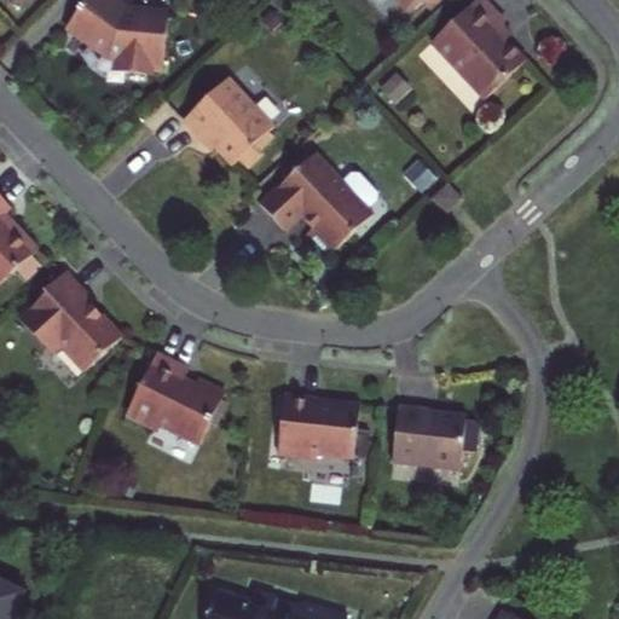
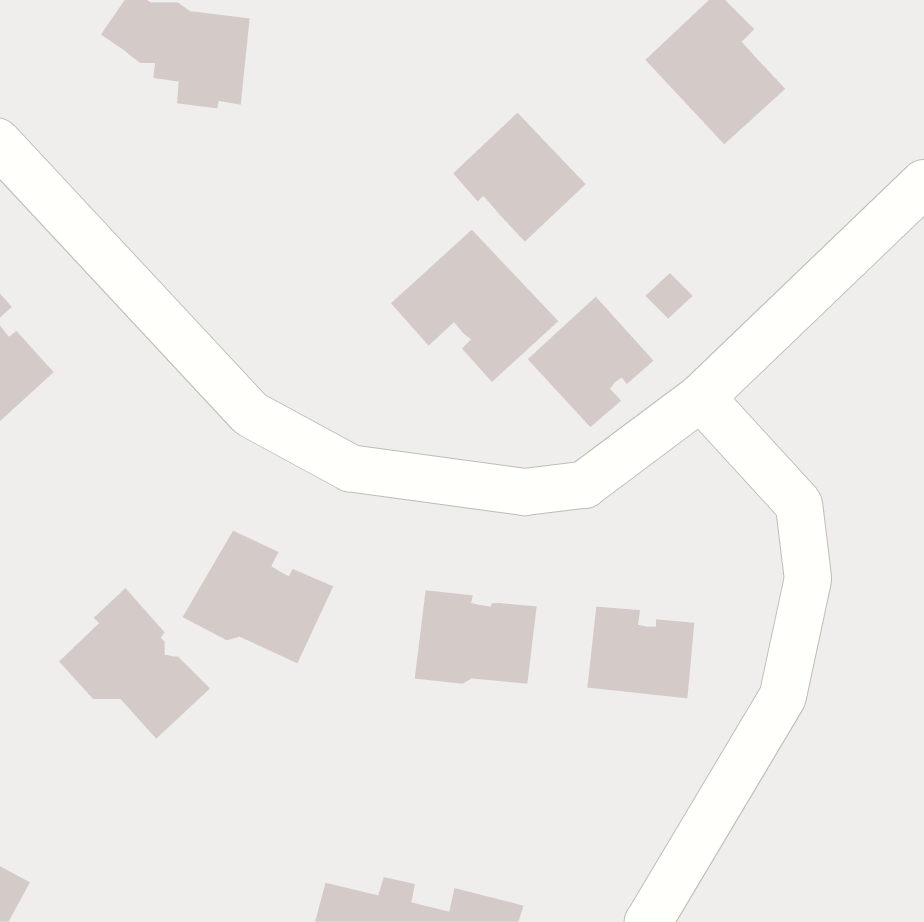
building: [183,76,272,163] -> [452,112,586,242]
building: none -> [527,296,654,428]
building: [21,270,122,371] -> [58,587,211,739]

